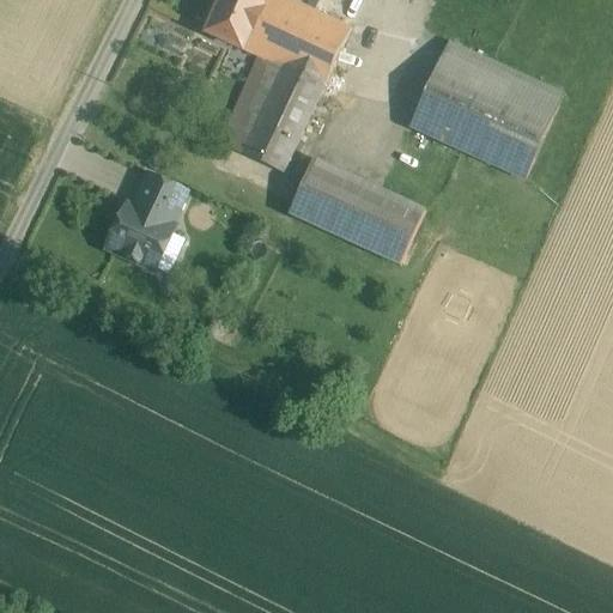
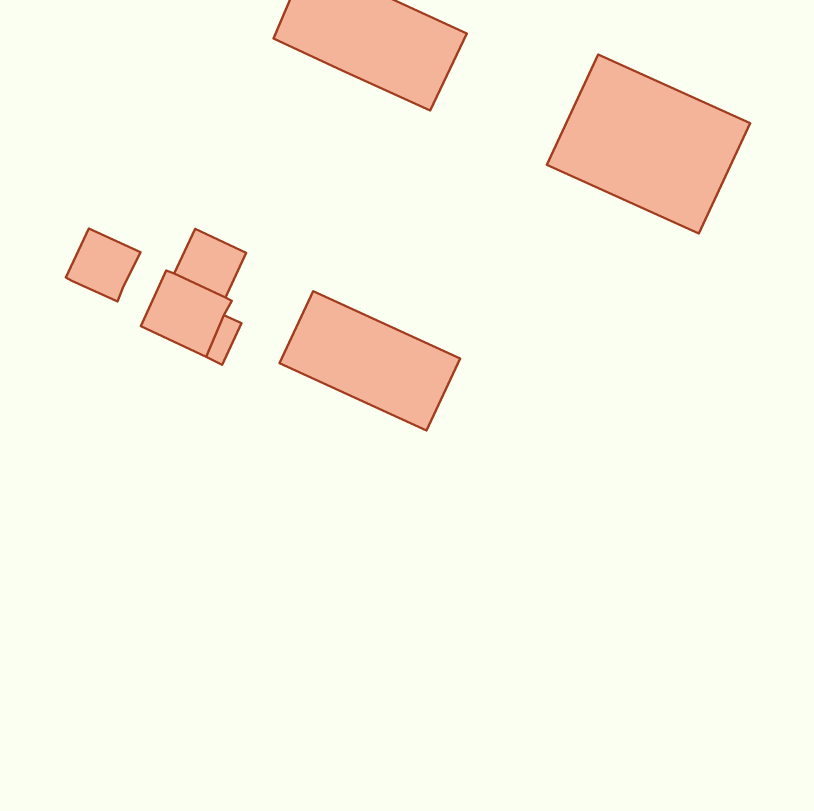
building: [218,53,322,170] -> none
building: [289,157,424,261] -> [280,291,460,430]
building: none -> [66,228,141,301]

